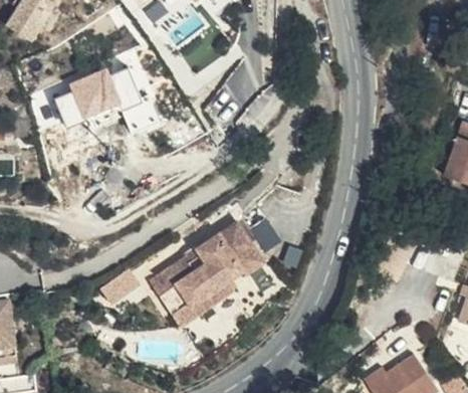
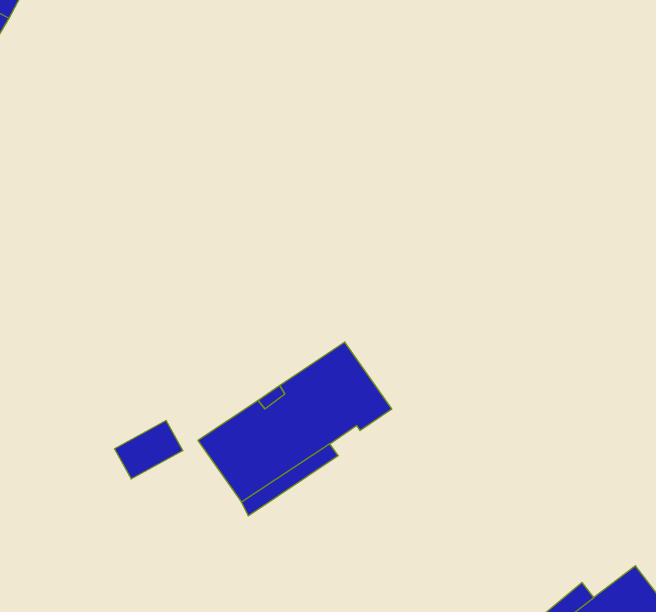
building: [55,66,159,132] -> none

